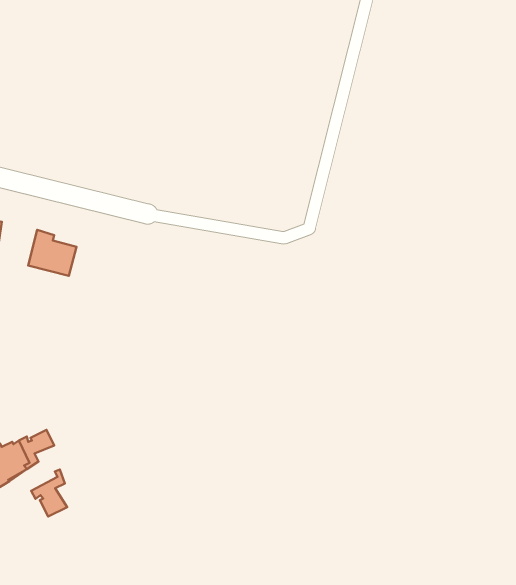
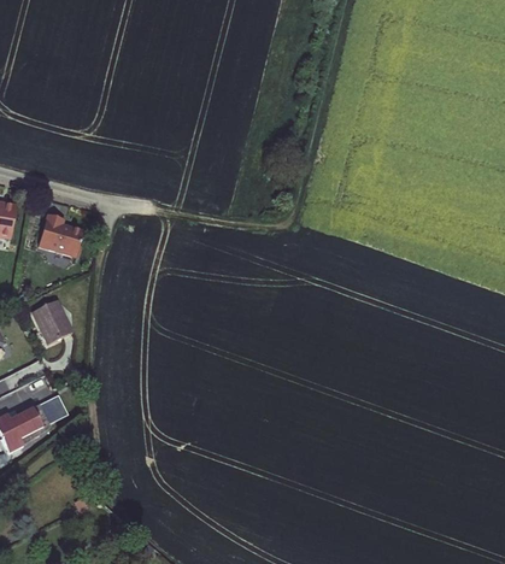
building: none -> [31,300,71,343]
building: [31,469,67,517] -> none

